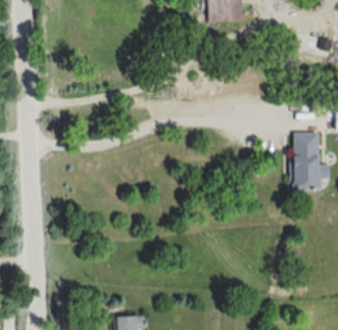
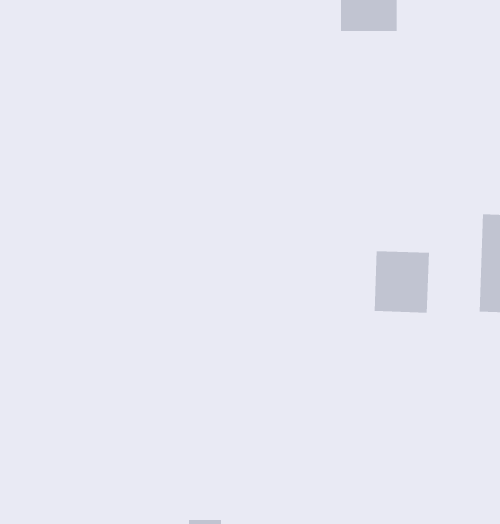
building: none -> [374,250,429,313]

